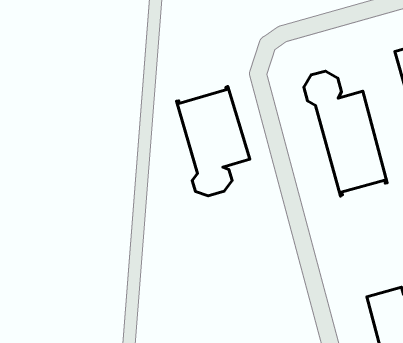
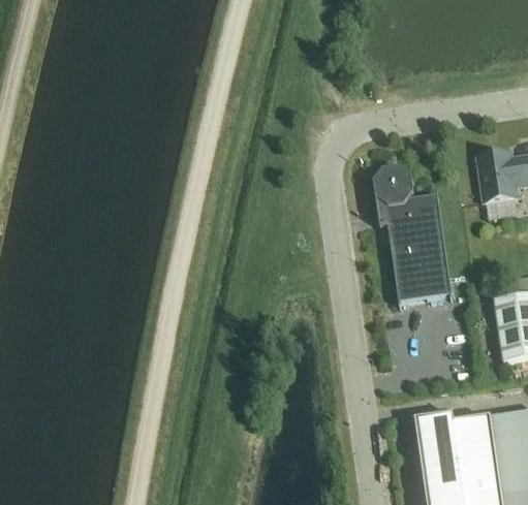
building: [177,87,250,196] -> none

